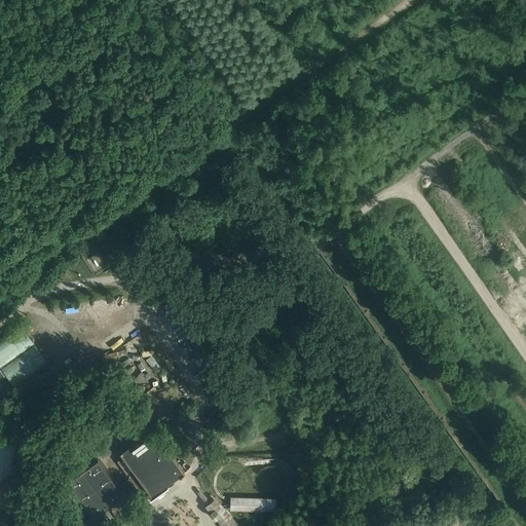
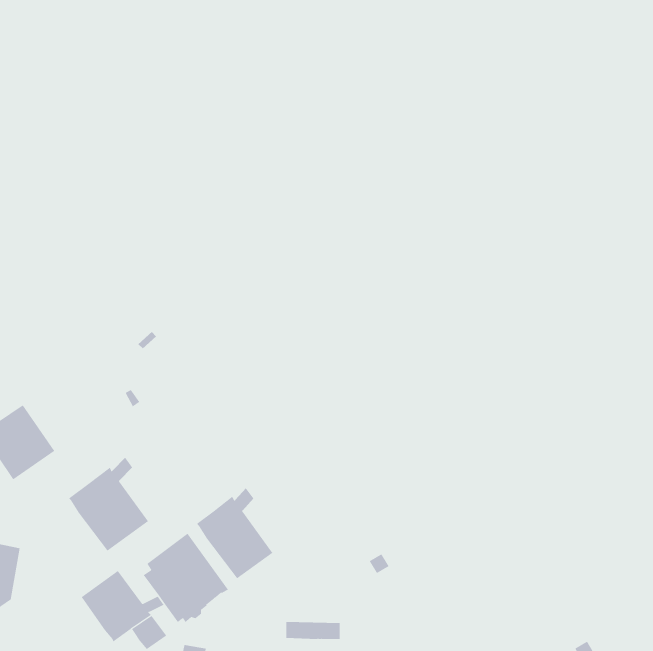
building: none -> [68,457,149,552]
building: none -> [196,487,273,579]

